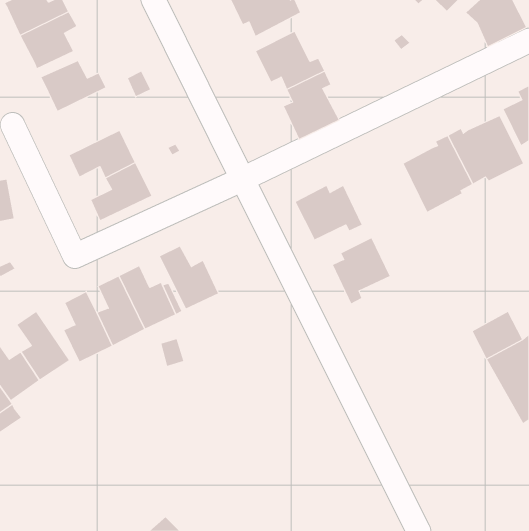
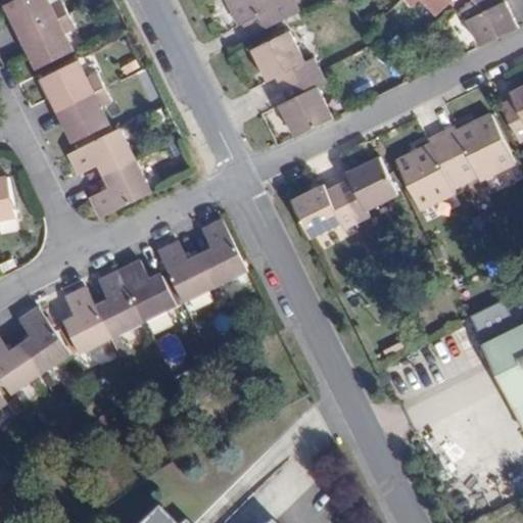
building: none -> [56,86,111,141]
building: none -> [199,219,246,288]
building: [332,238,390,304] -> [337,155,394,221]

